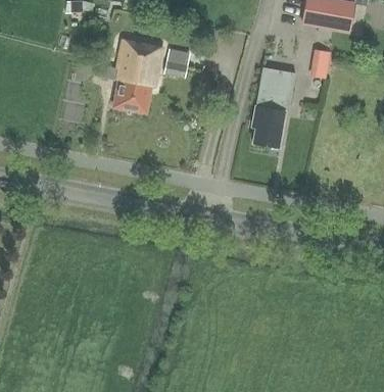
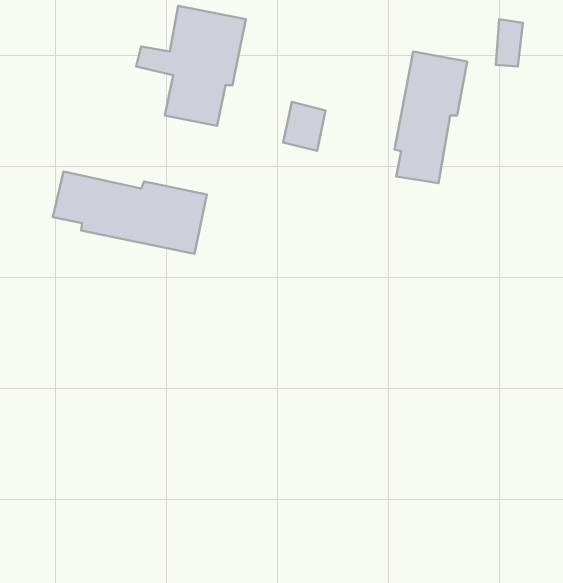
building: [164,48,190,78] -> [283,102,325,151]
building: none -> [53,171,207,254]

